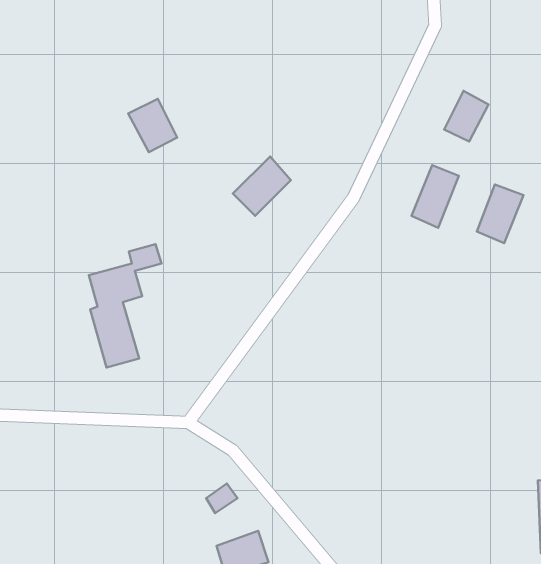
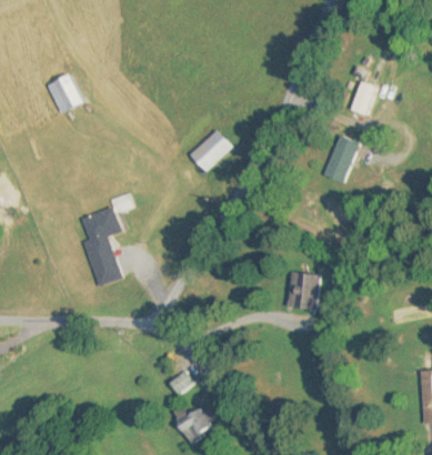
building: [128,99,177,152] -> [47,72,83,112]
building: [477,184,524,243] -> none
building: none -> [289,274,322,310]

